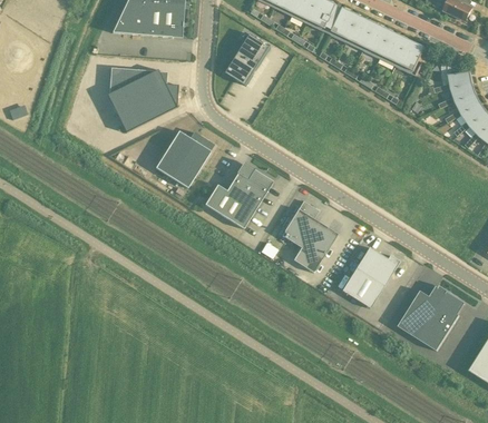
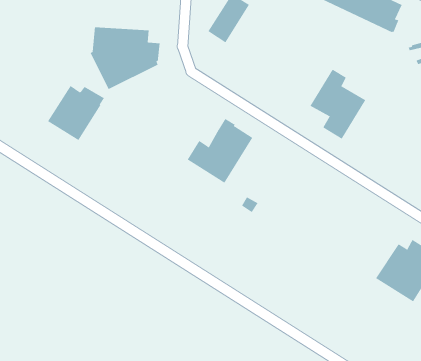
building: [155,130,214,187] -> [47,85,105,141]
building: [280,200,338,273] -> [309,69,366,139]
building: [340,247,399,307] -> none

